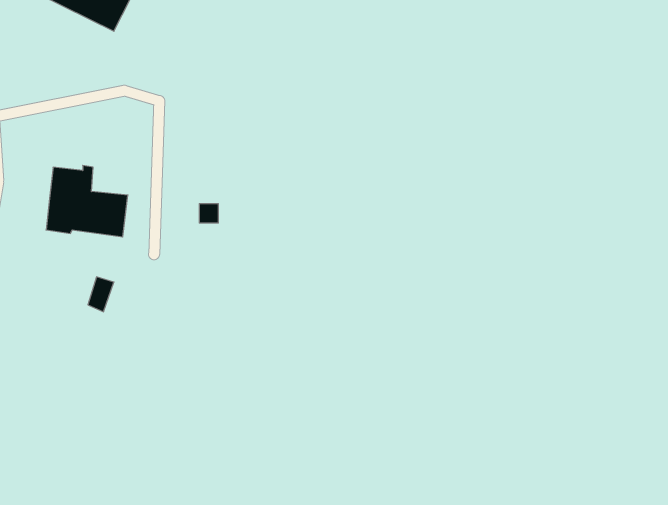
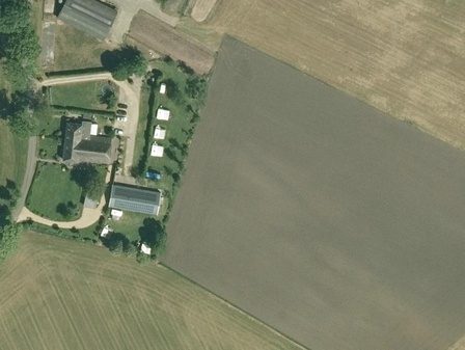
building: none -> [109,184,161,214]

